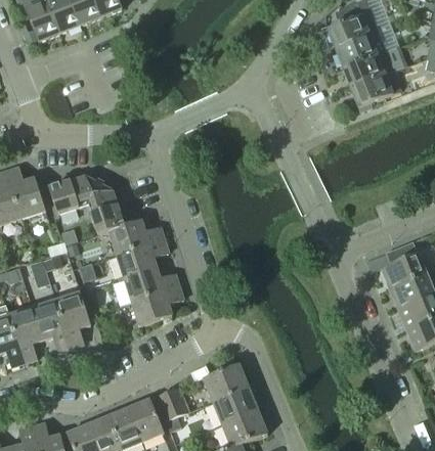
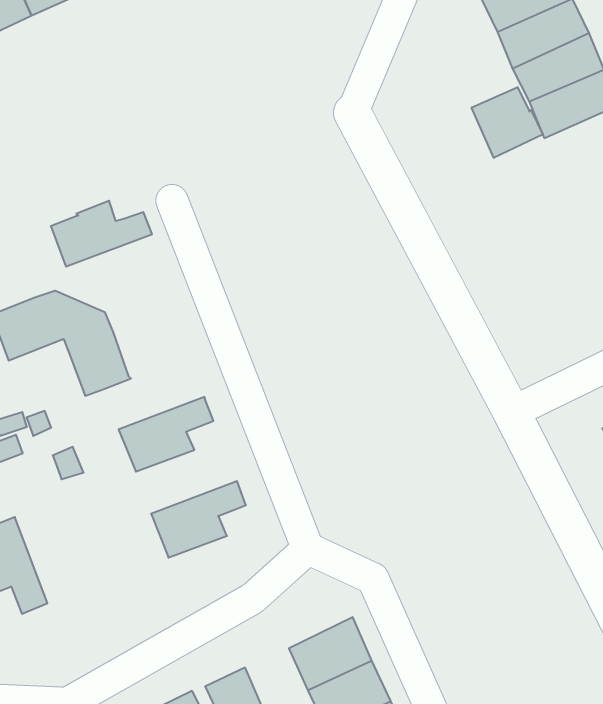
building: none -> [472,87,543,158]
building: [108,219,164,254] -> [51,201,152,267]
building: [113,267,179,304] -> none
building: [56,291,90,347] -> none

